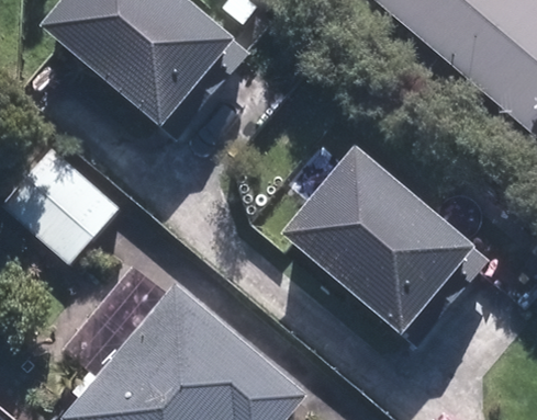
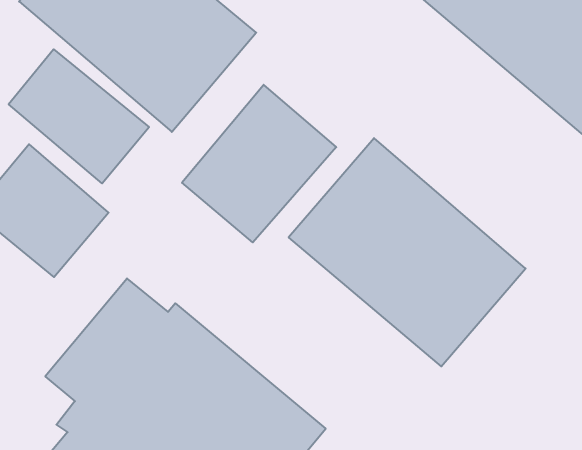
building: none -> [9,49,149,183]
building: none -> [182,85,336,242]

